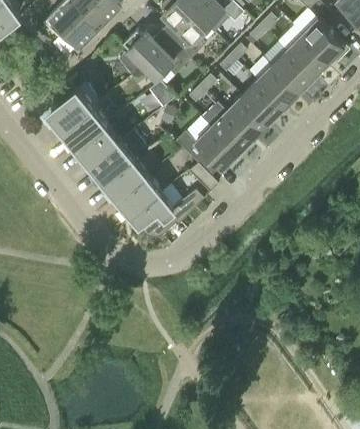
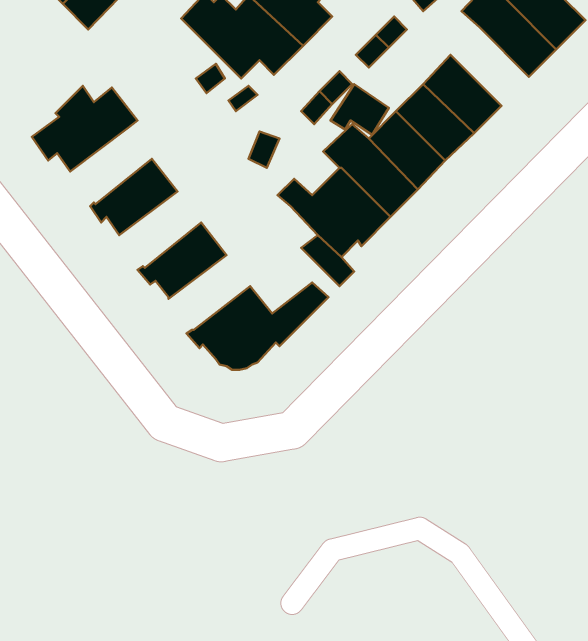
building: [271,51,314,94] -> none
building: [59,106,107,148] -> none
building: [86,141,134,183] -> none
building: [113,176,161,217] -> none

